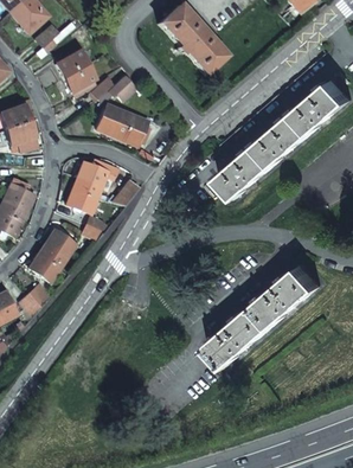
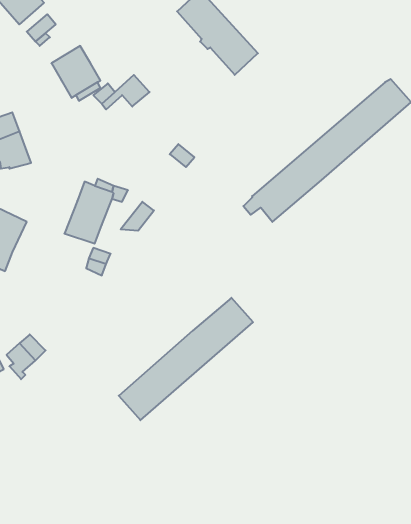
building: [96,103,147,145] -> none
building: [30,229,76,280] -> none
building: [210,262,320,363] -> [119,298,253,420]

